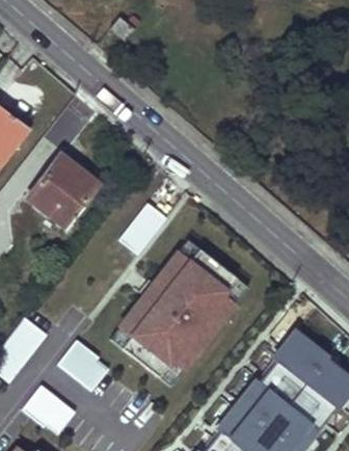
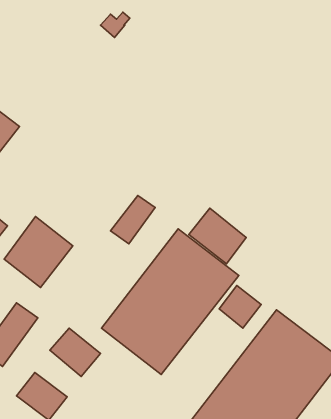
building: [27,156,98,229] -> [4,217,73,287]
building: none -> [189,208,246,264]
building: none -> [219,286,261,328]

